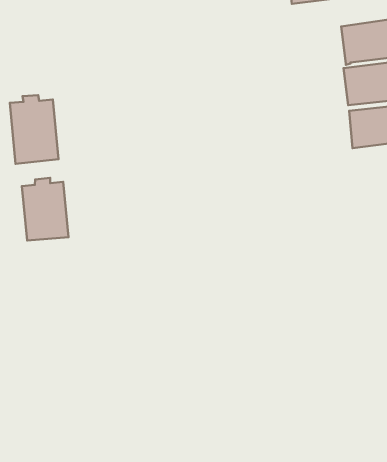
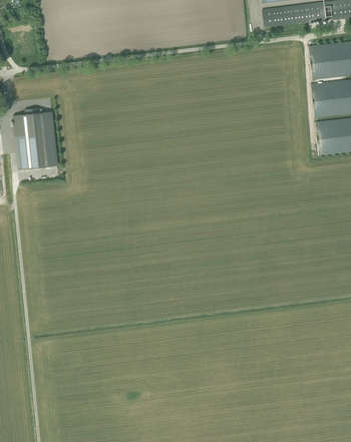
building: [22,178,68,241] -> none

